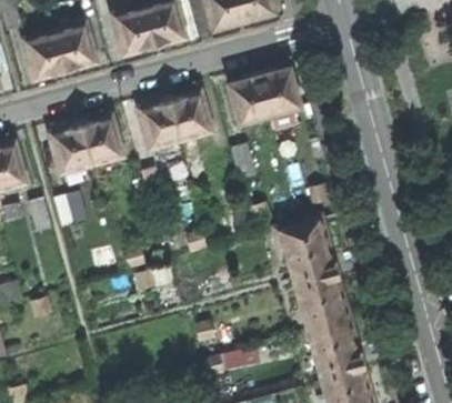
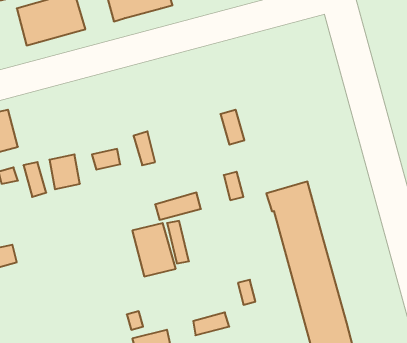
building: [230,68,301,123] -> none
building: [141,92,211,185] -> none
building: [52,117,122,170] -> none

